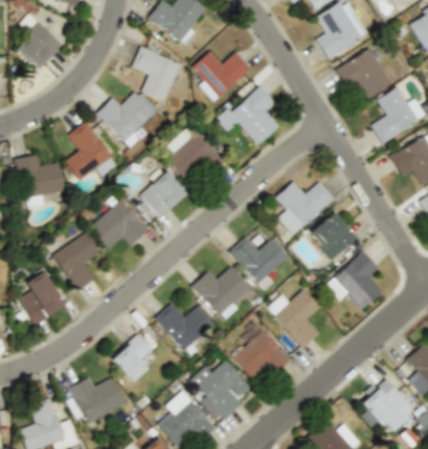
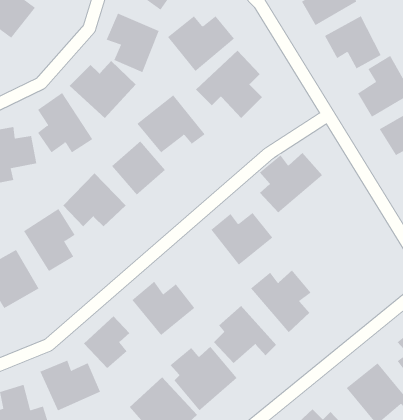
building: [308,209,360,261] -> none
building: [325,252,382,309] -> none
building: [190,266,255,323] -> none

